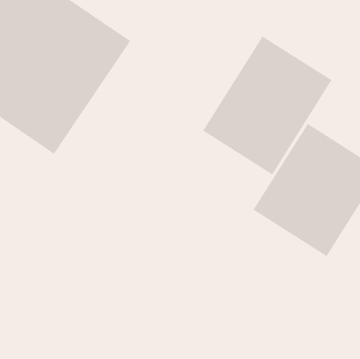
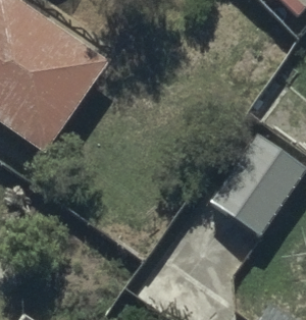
building: [202,35,333,176] -> none

